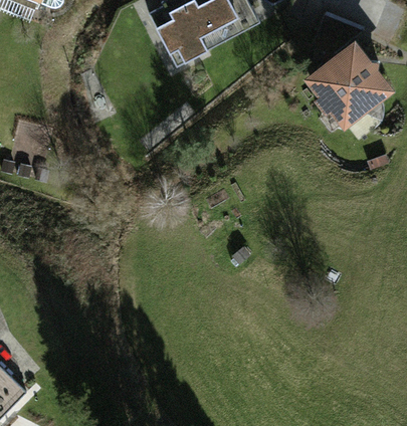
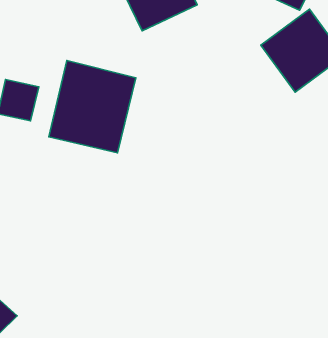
building: none -> [49,60,136,153]

